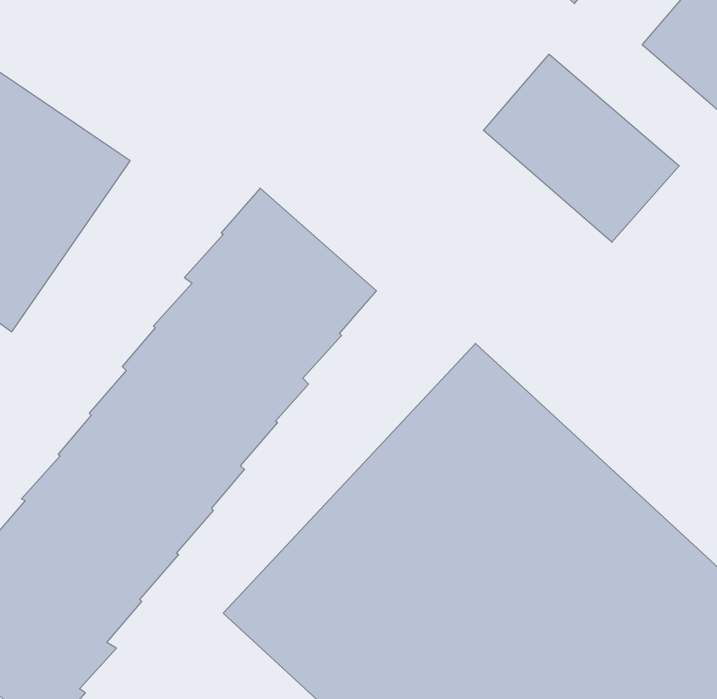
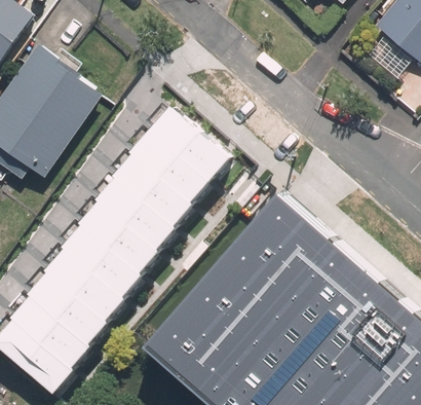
building: [483,54,679,242] -> none

